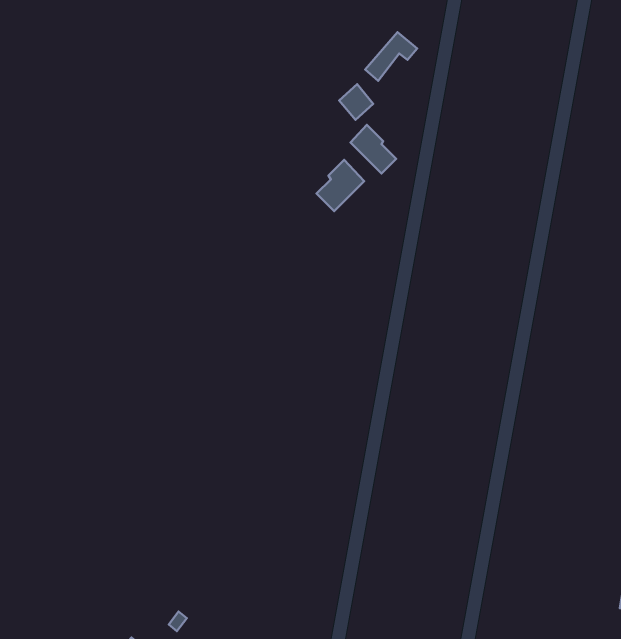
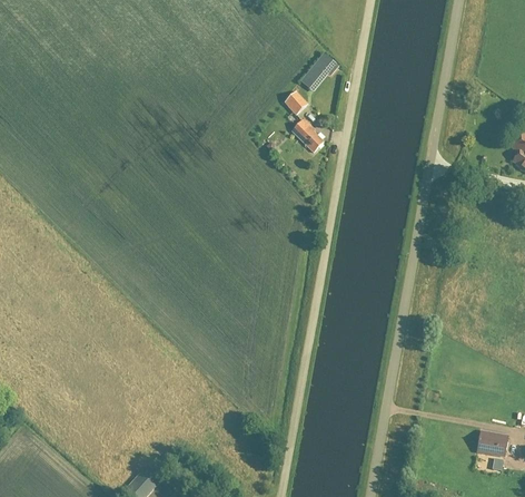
building: [317,160,364,211] -> none

